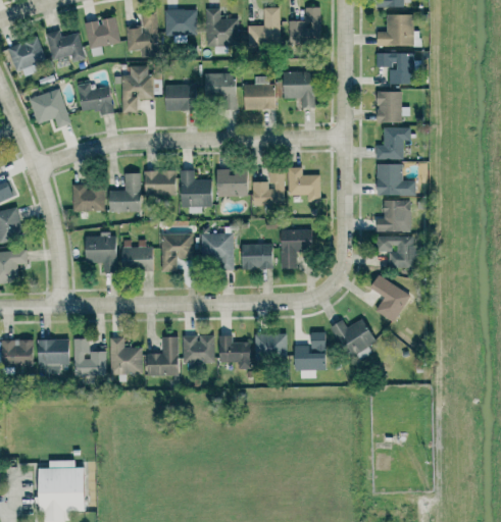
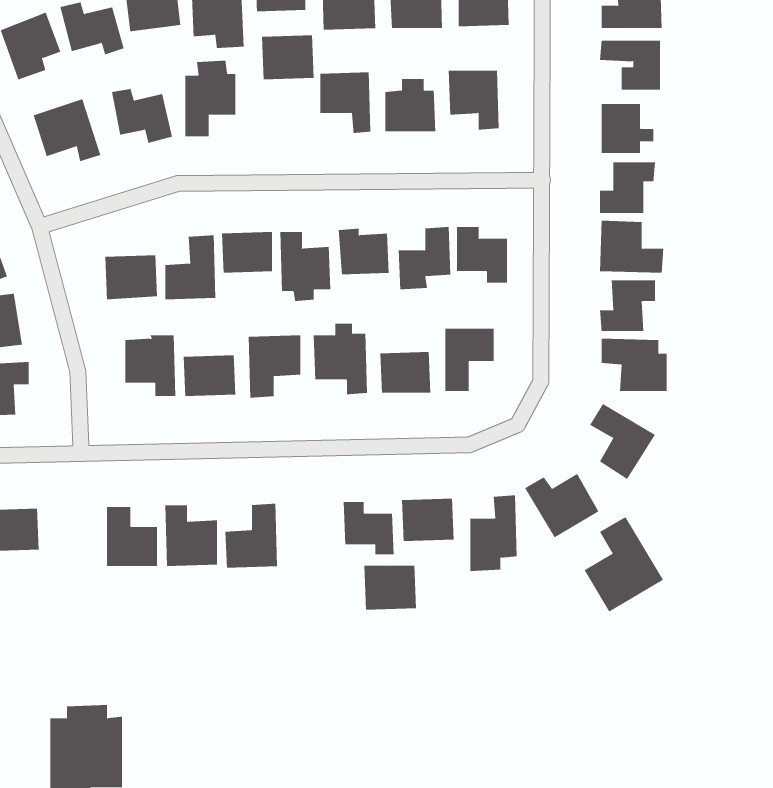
building: [164,84,197,111] -> [261,35,315,80]
building: [182,335,214,363] -> [363,565,417,610]
building: [38,340,68,373] -> none
building: none -> [584,516,664,613]

